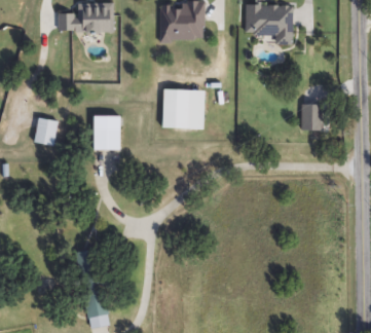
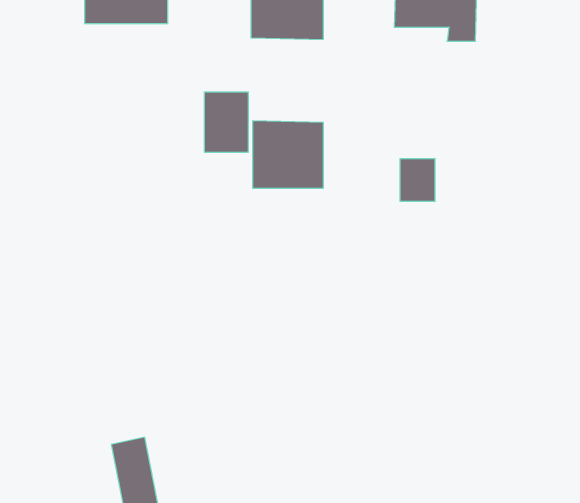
building: [301,105,322,130] -> [400,159,435,201]
building: [94,115,119,150] -> [204,92,248,152]
building: [34,118,58,146] -> none

